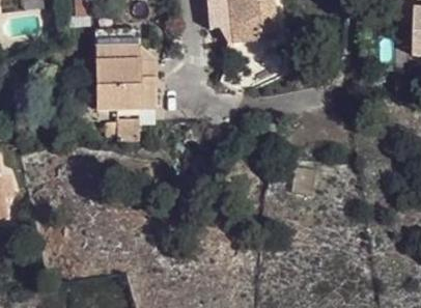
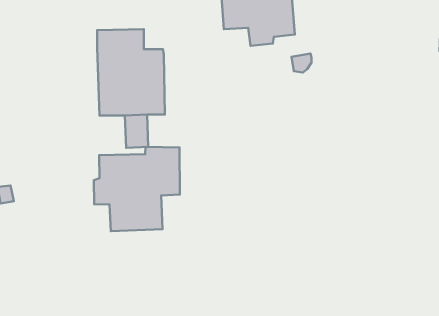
building: none -> [94,147,180,231]

